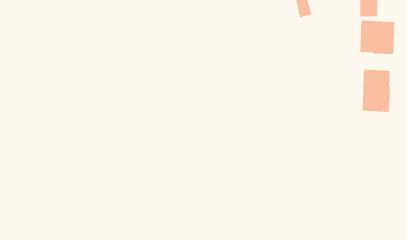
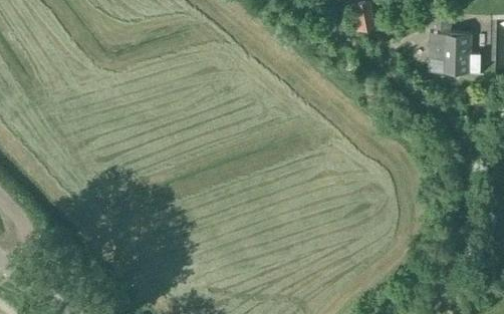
building: [362,69,391,113] -> none

